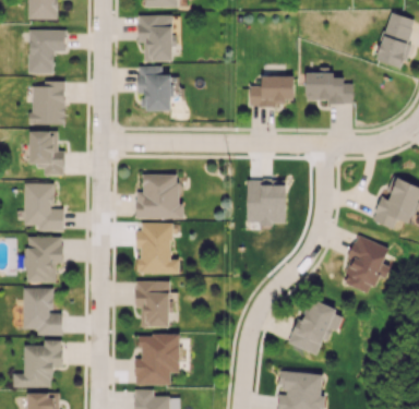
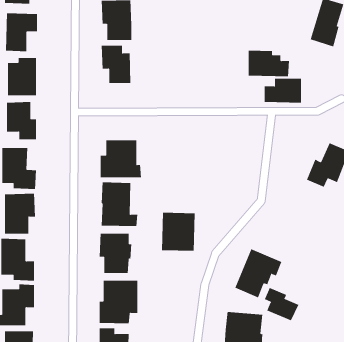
building: [250,76,294,105] -> [264,78,302,103]
building: [247,180,286,225] -> [161,212,196,251]
building: [343,234,391,293] -> none
building: none -> [264,287,299,321]

